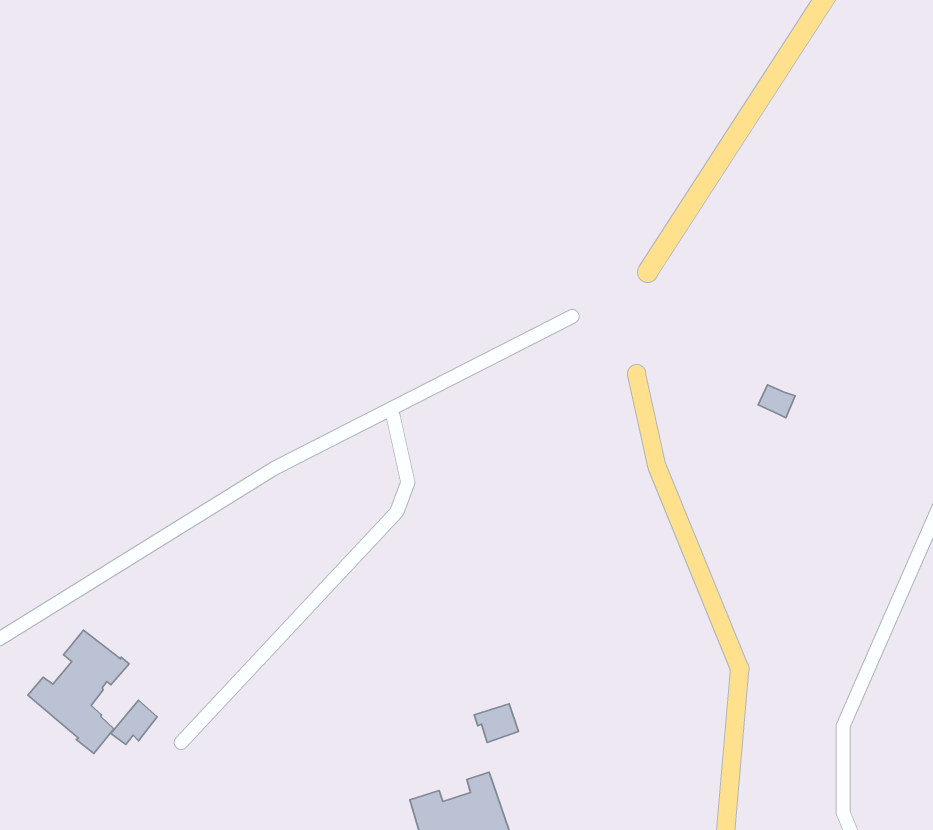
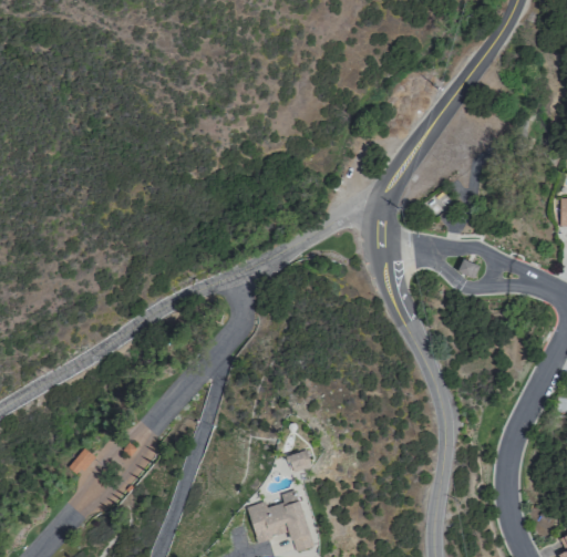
building: [28,630,129,753] -> none

